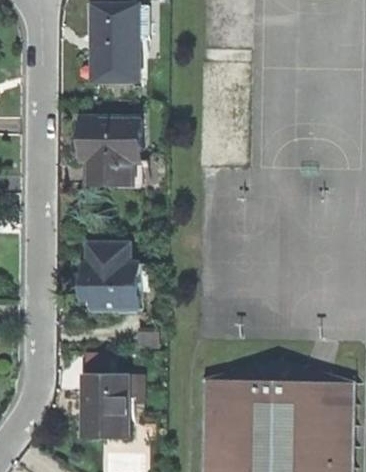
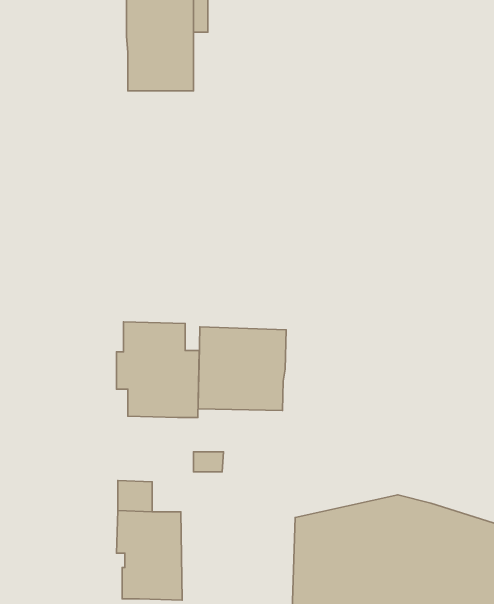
building: [83,119,142,183] -> none
building: none -> [198,327,286,411]

